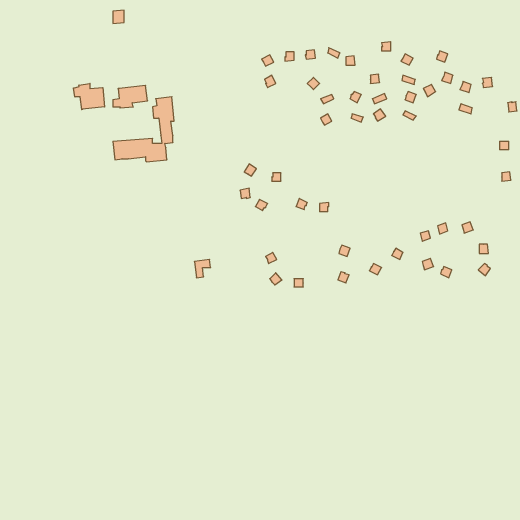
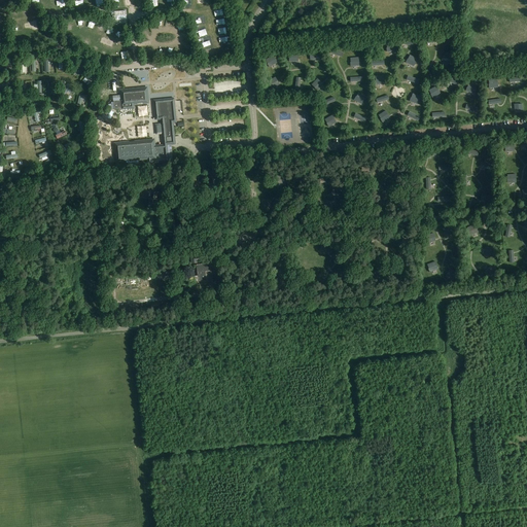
building: [73,83,105,110] -> none

